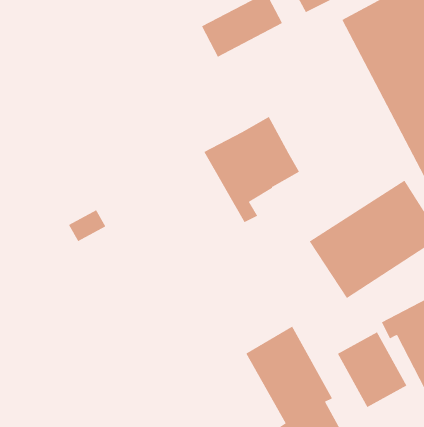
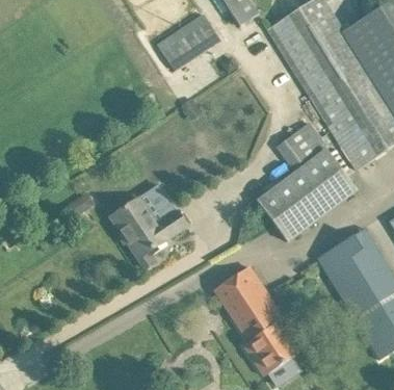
building: [204,116,300,223] -> [110,184,185,267]
building: none -> [275,120,327,168]
building: [337,331,407,408] -> none

